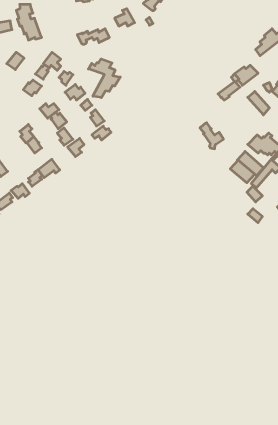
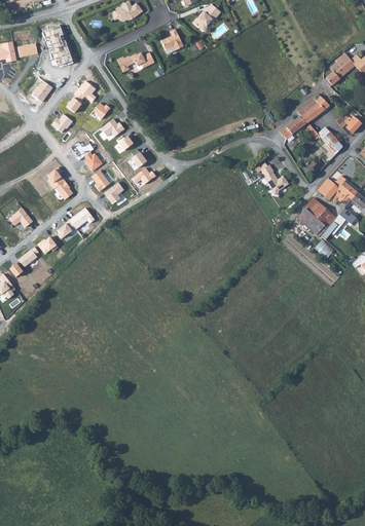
building: [88,59,120,98] -> none

